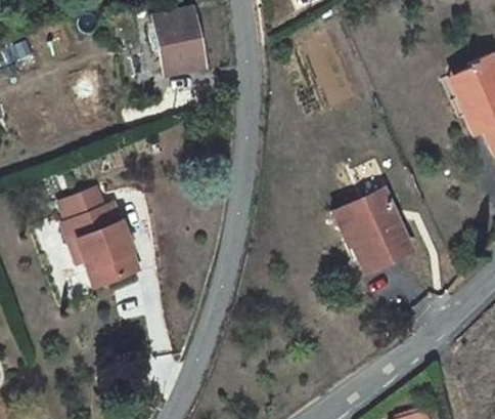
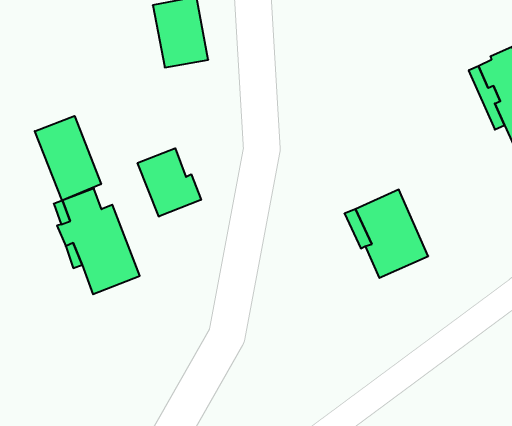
building: none -> [35,116,101,201]
building: none -> [138,148,201,217]

